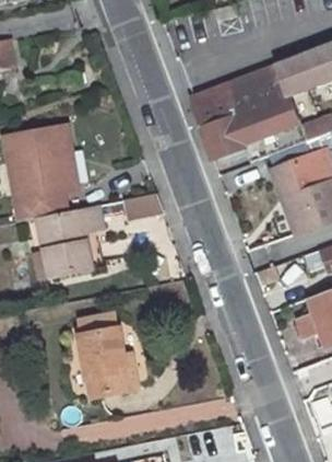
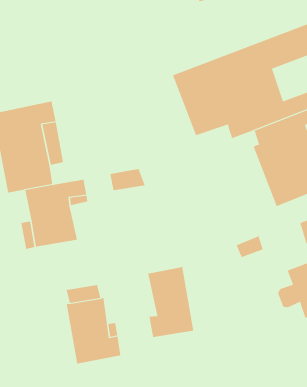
building: none -> [148,266,194,338]

